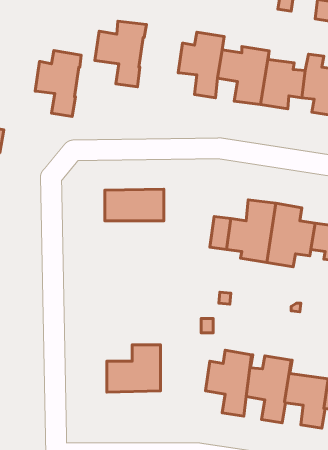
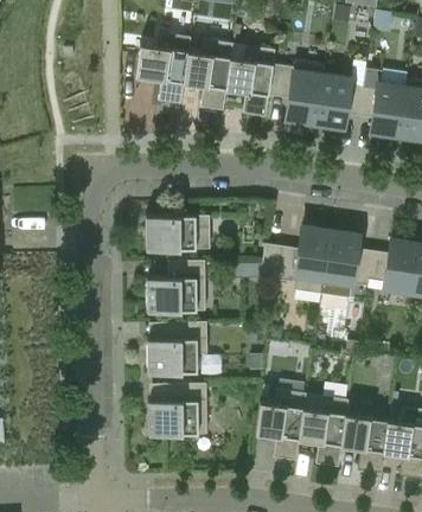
building: [35,51,81,117] -> [183,40,232,111]
building: none -> [146,261,205,312]
building: none -> [147,322,206,373]

